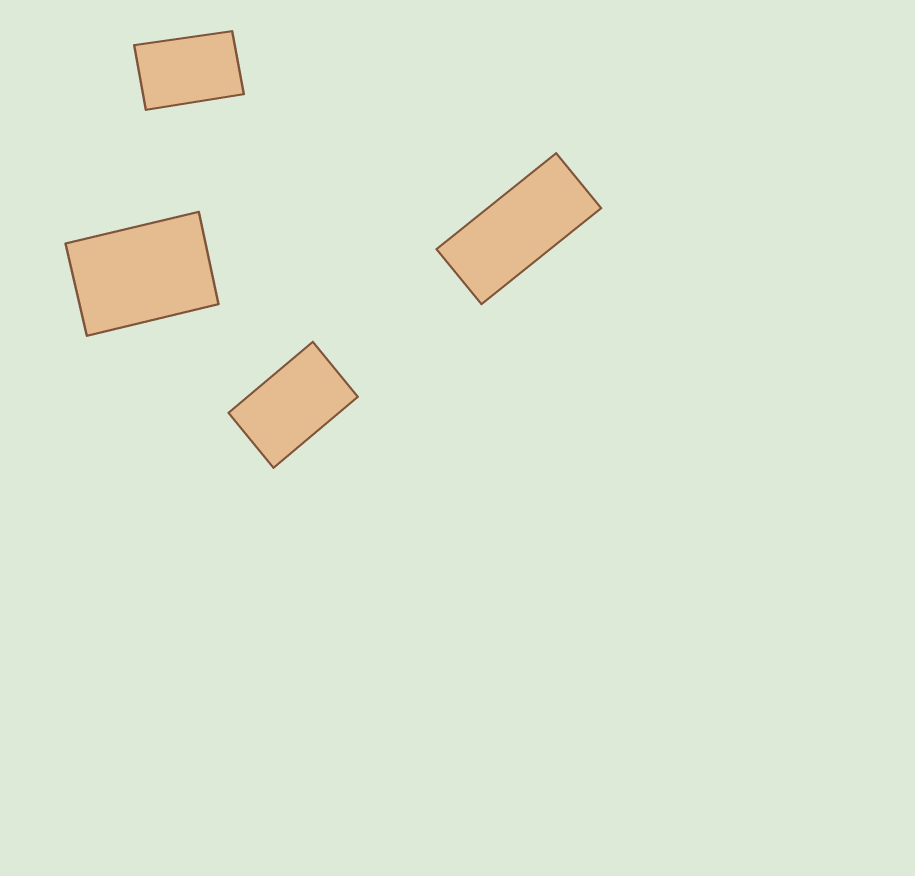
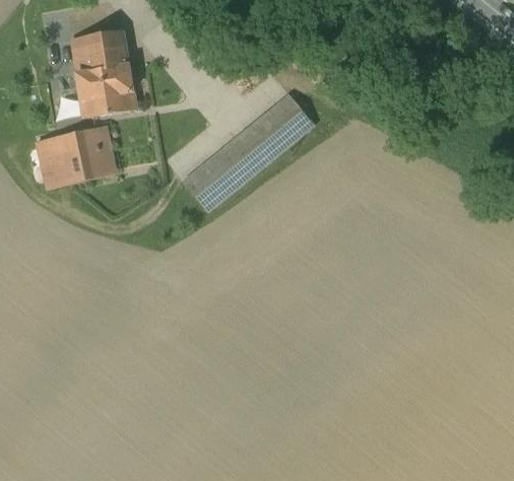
building: none -> [77,64,135,117]
building: [228,342,358,468] -> [184,144,251,209]

